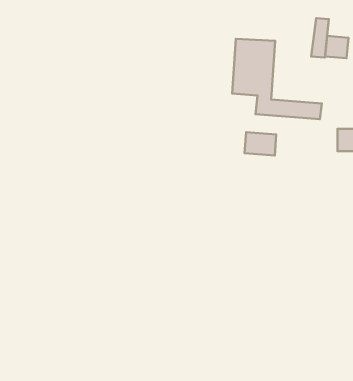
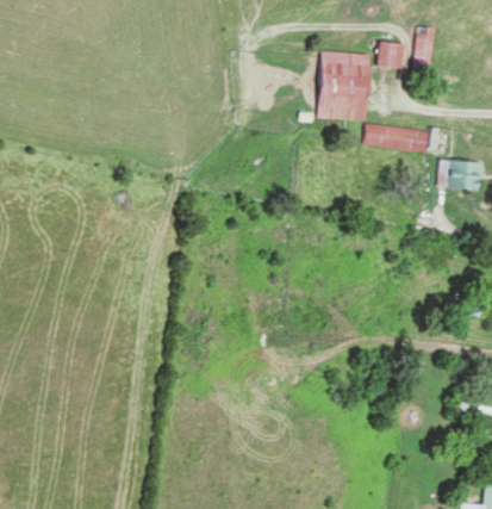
building: [325,36,349,58] -> [378,42,406,69]
building: [244,132,276,156] -> none

